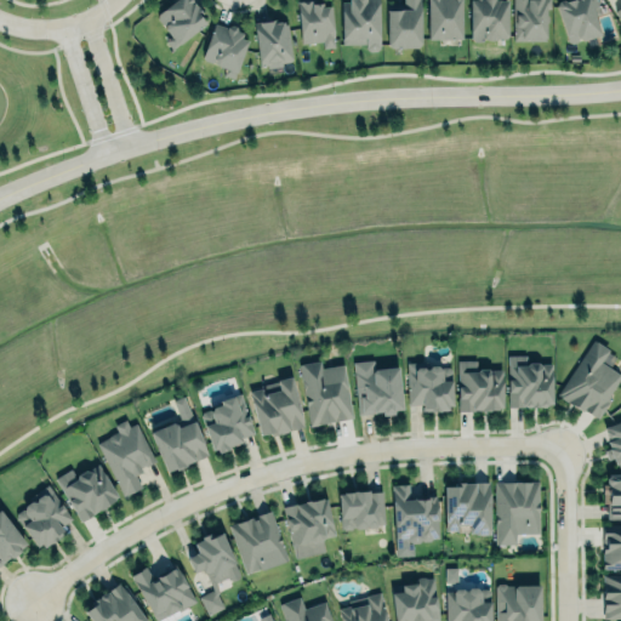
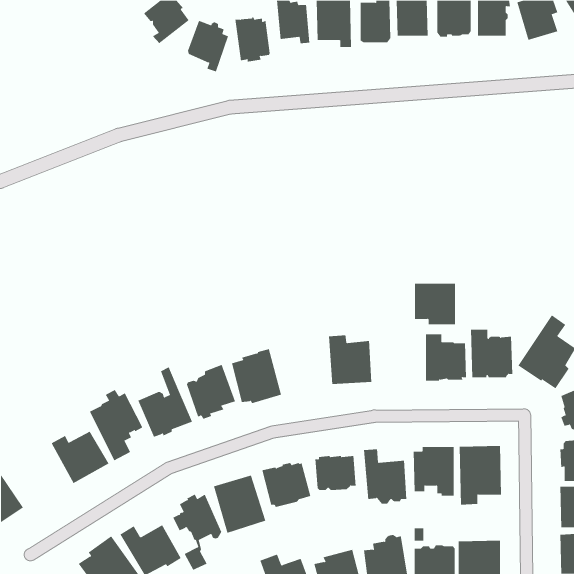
building: [301,363,354,427] -> none
building: [409,368,454,412] -> [414,283,456,325]
building: [18,485,73,549] -> none

